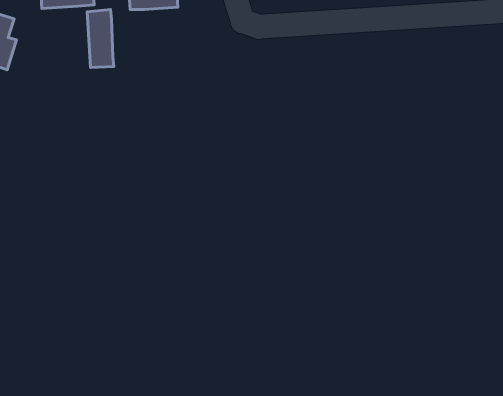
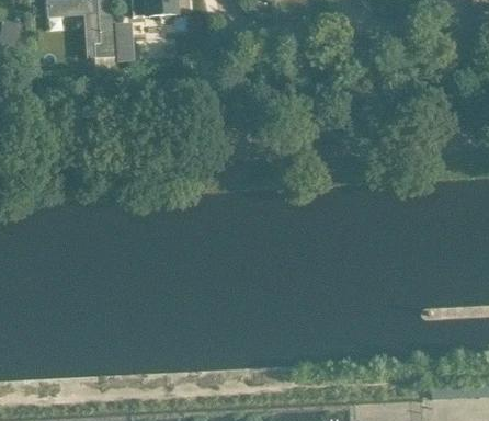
building: none -> [114,23,133,60]

